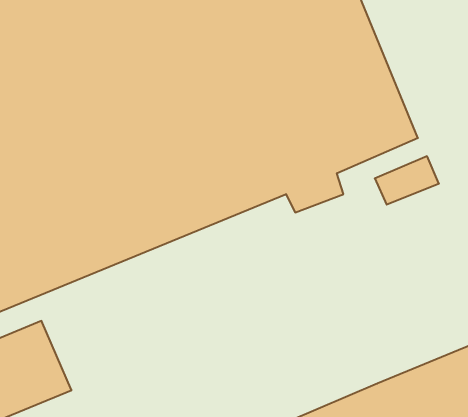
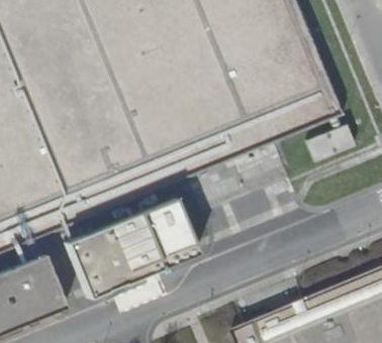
building: none -> [65,194,199,295]

